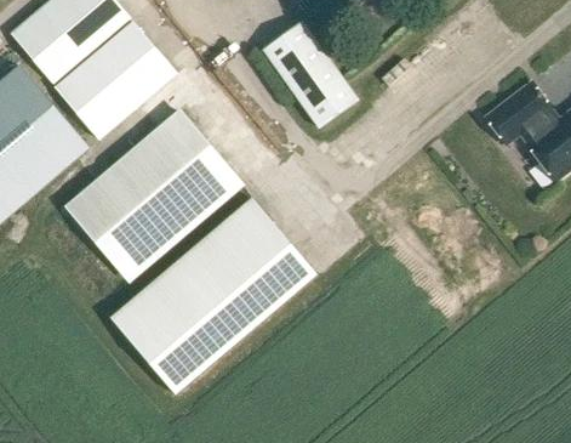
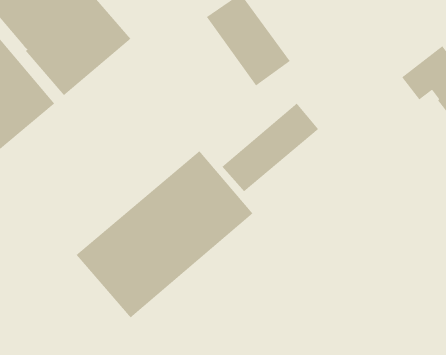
building: [67,109,239,277] -> none
building: none -> [221,102,319,192]

